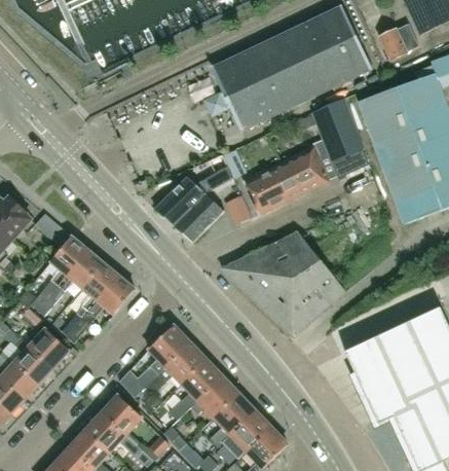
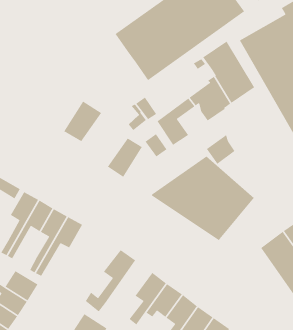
building: [269,169,304,204] -> [206,134,236,165]
building: [155,175,205,224] -> [63,101,102,142]
building: [145,341,207,394] -> none

